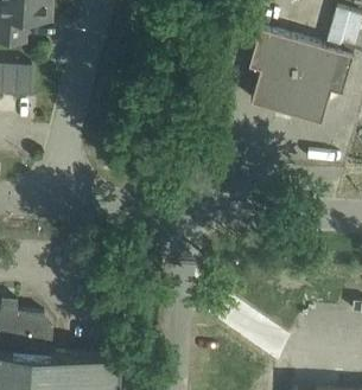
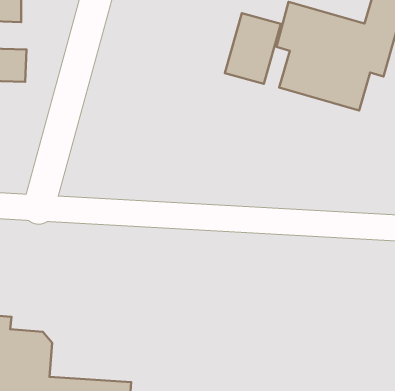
building: none -> [225,13,281,84]

